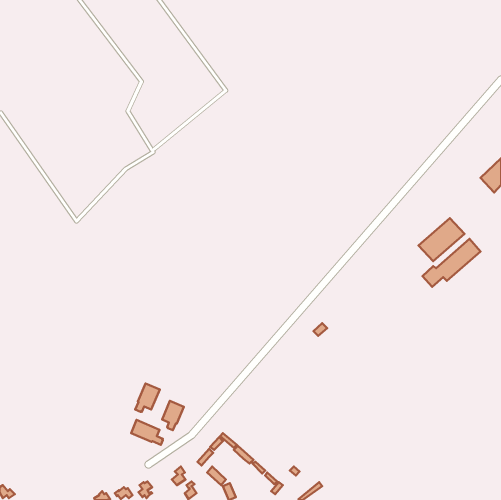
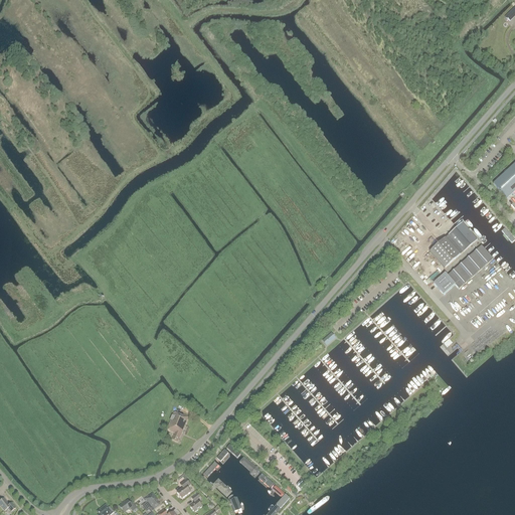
building: [135,384,160,412] -> none
building: [131,420,163,445] -> none

